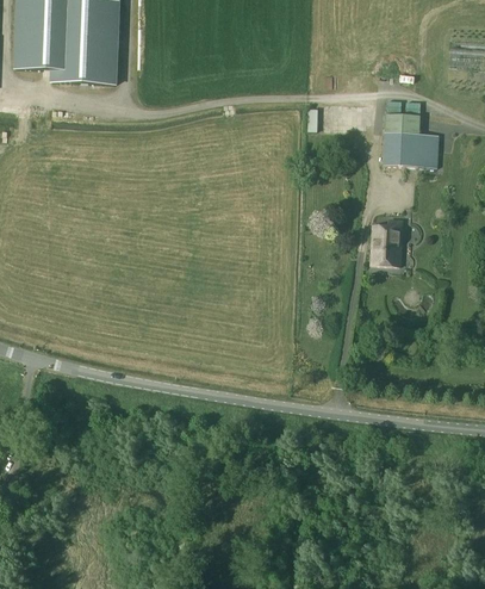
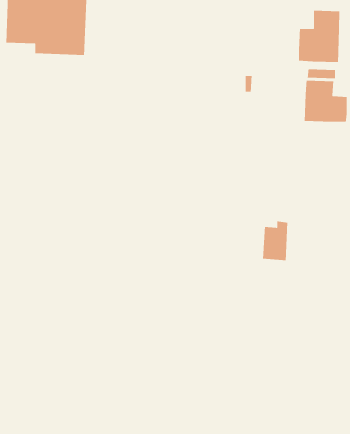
building: none -> [298,10,340,63]
building: [371,216,403,266] -> [262,220,288,261]

